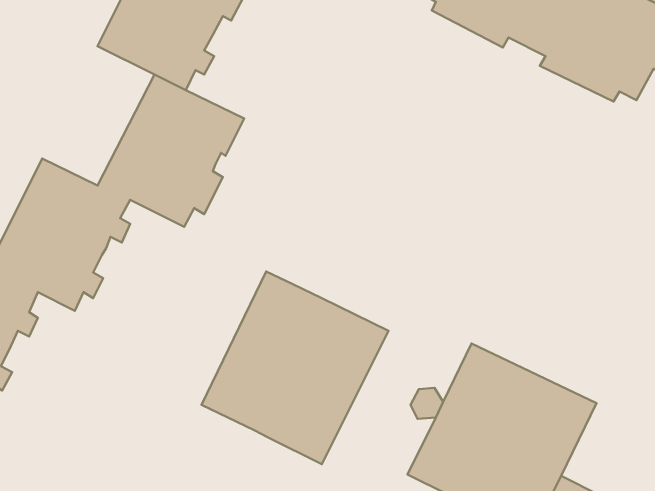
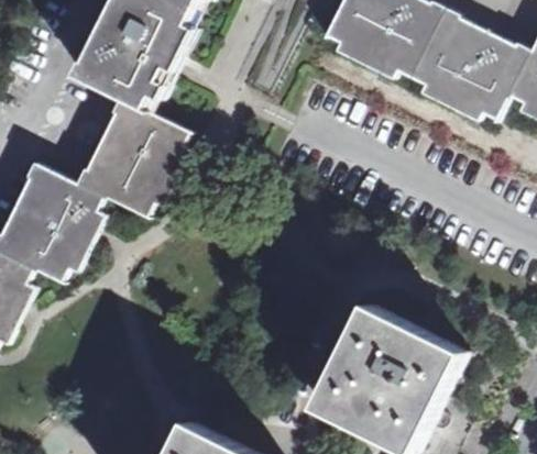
building: [202,272,389,464] -> none

